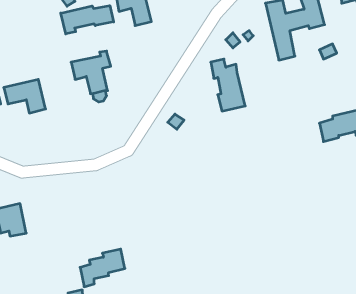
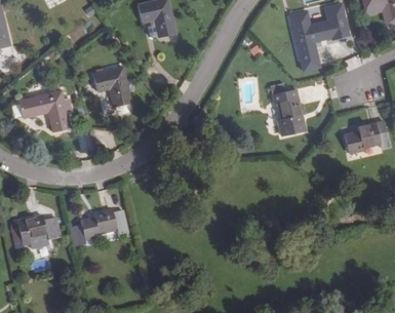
building: [61,6,114,34] -> none
building: [211,59,245,111] -> [270,82,305,134]
building: [80,249,125,287] -> [71,209,116,247]

